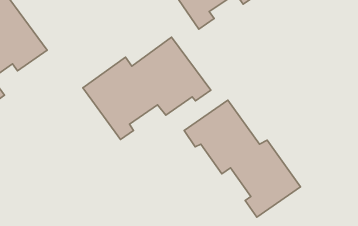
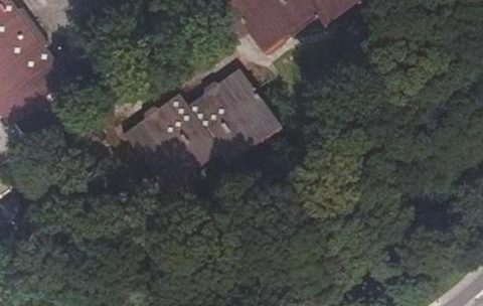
building: [184,100,301,217] -> none

